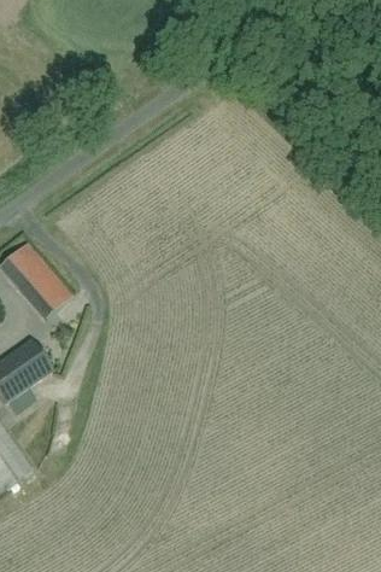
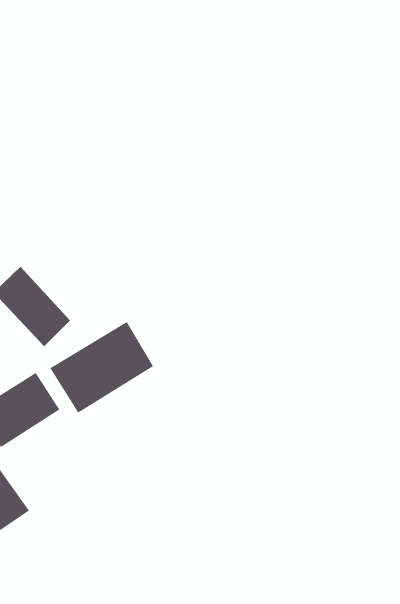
building: none -> [50,321,154,414]

